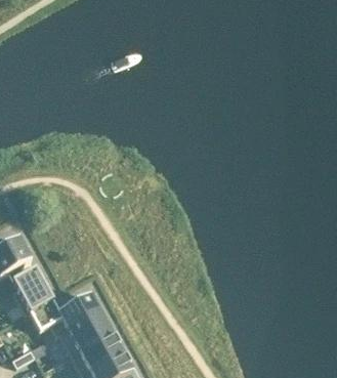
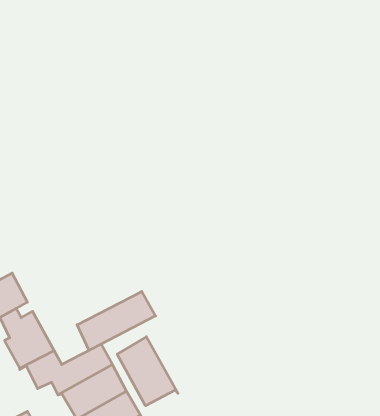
building: none -> [77,291,156,353]
building: none -> [117,337,178,406]

